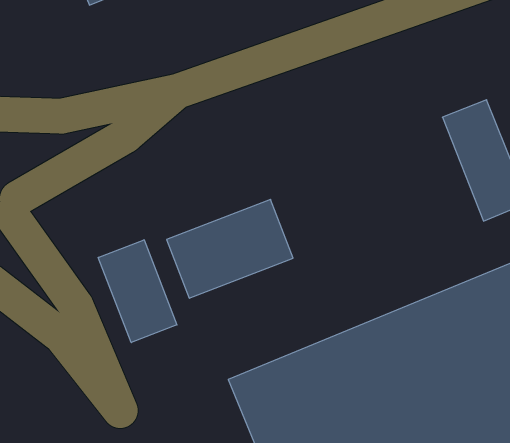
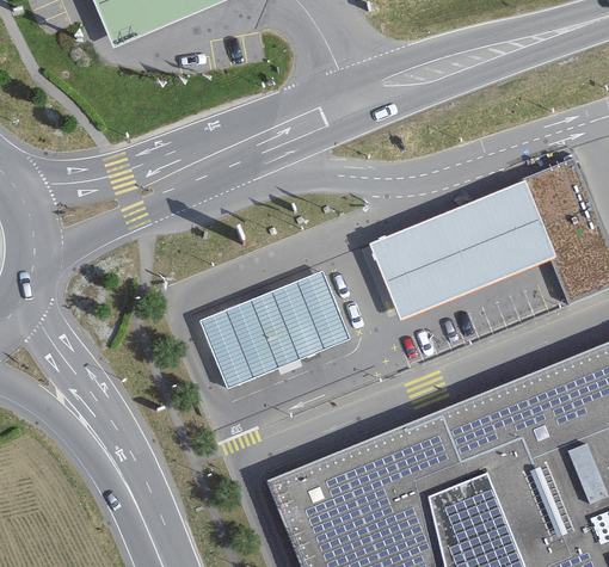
building: none -> [368,179,555,320]
building: [98,240,177,343] -> none

